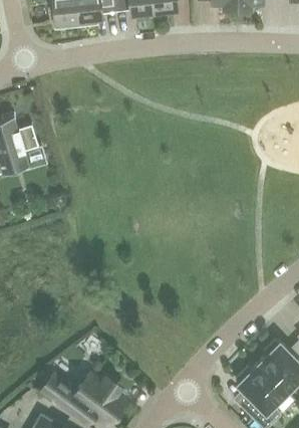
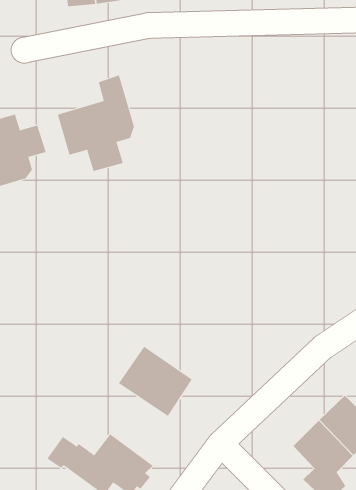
building: none -> [57,75,135,172]
building: none -> [118,346,193,417]

